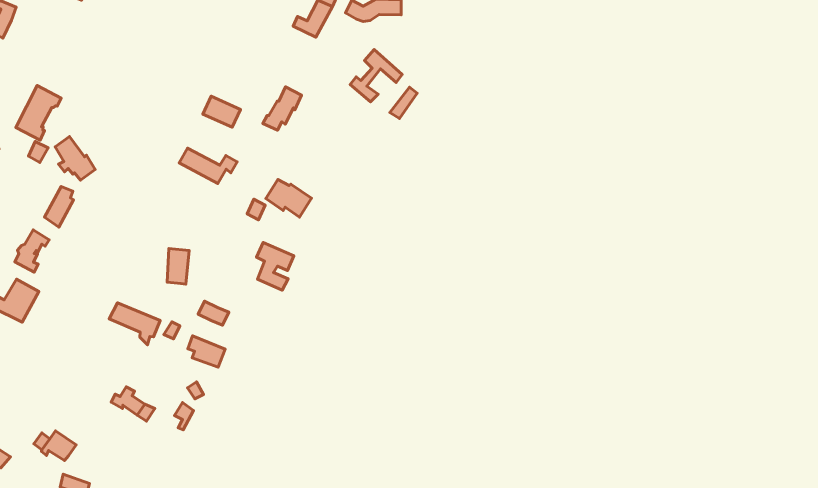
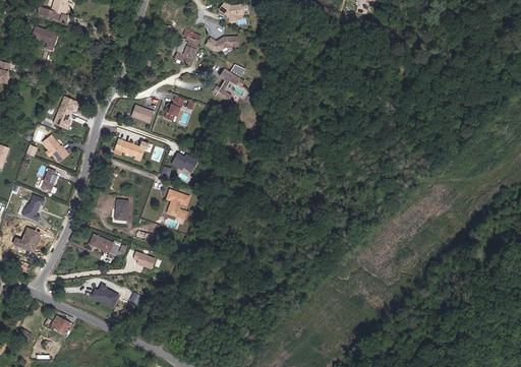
building: [16,85,61,140] -> [51,96,76,128]

